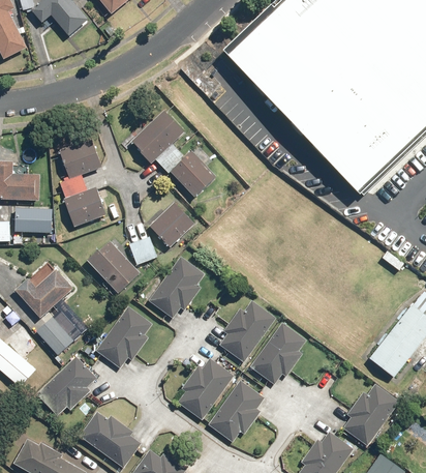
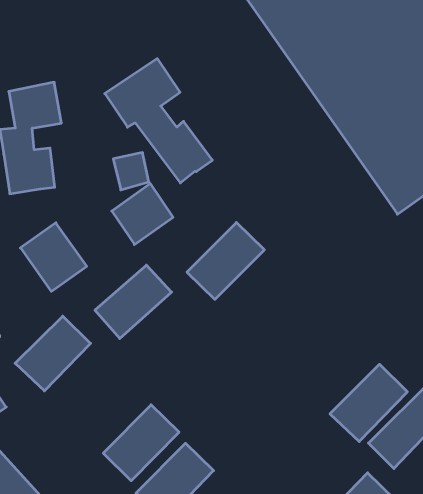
building: [129,235,158,265] -> [113,153,149,190]
building: [217,302,271,361] -> [187,222,264,299]
building: [247,325,301,384] -> [330,364,407,442]

